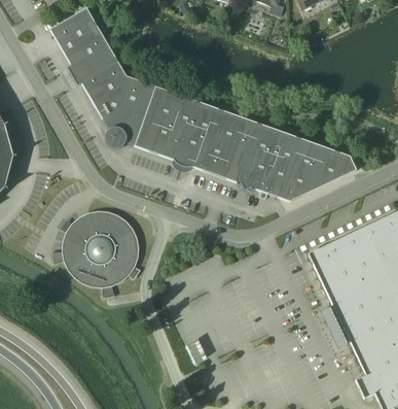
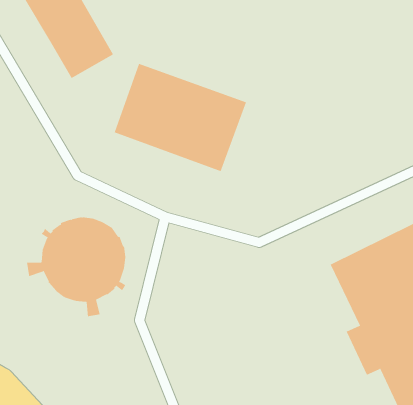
building: [89,75,146,148] -> none
building: [216,115,356,200] -> none

